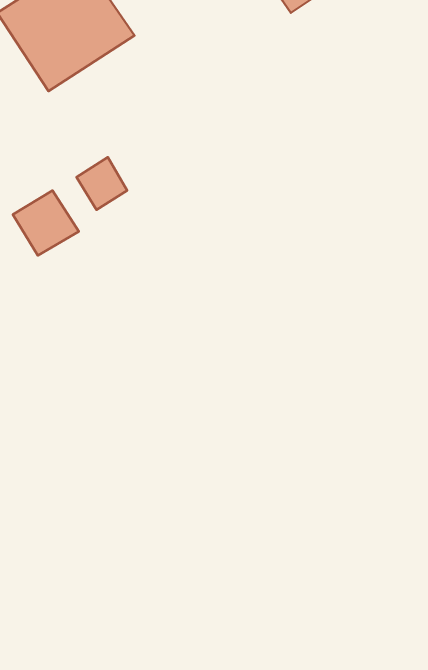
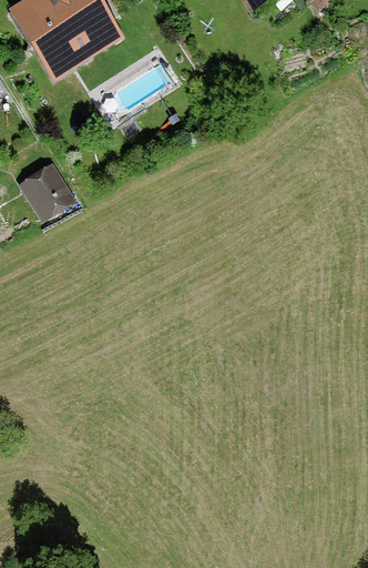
building: [76,157,127,210] -> none

